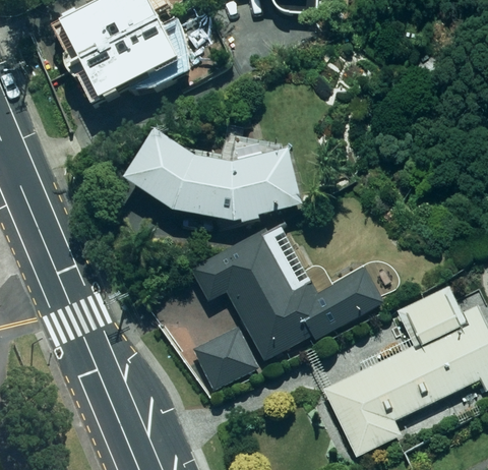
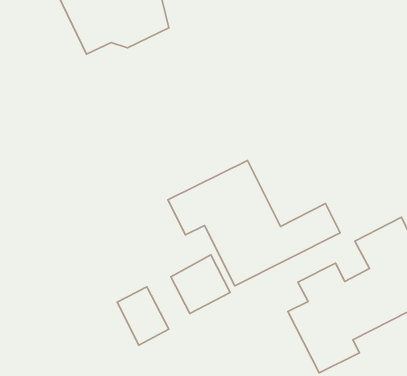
building: [126,133,302,224] -> none
building: none -> [117,287,169,345]

